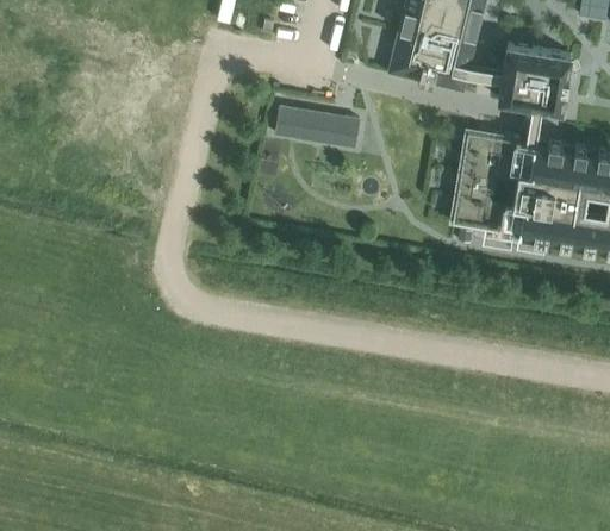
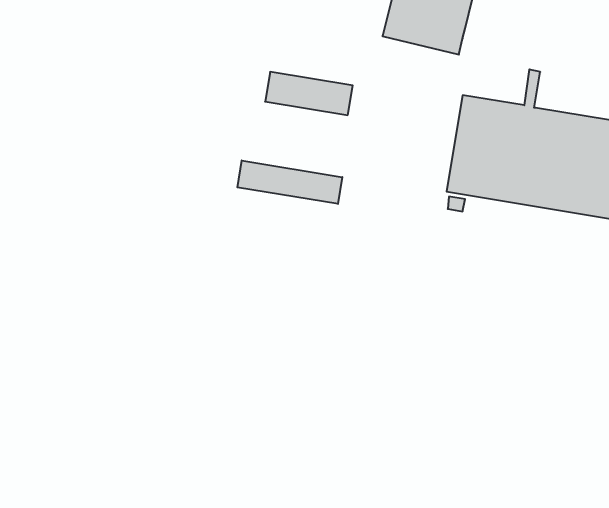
building: [467,44,572,110] -> none
building: none -> [237,160,342,204]

